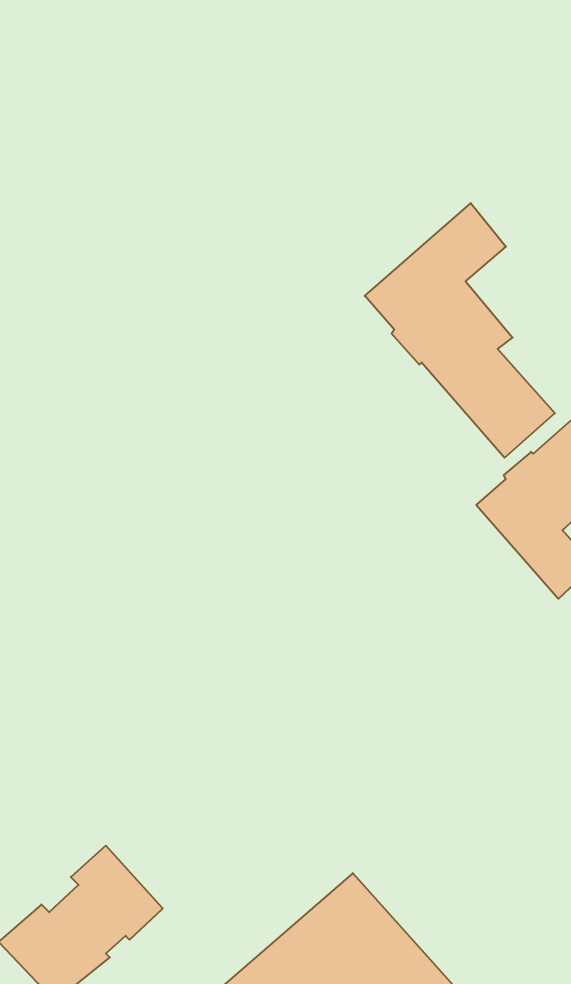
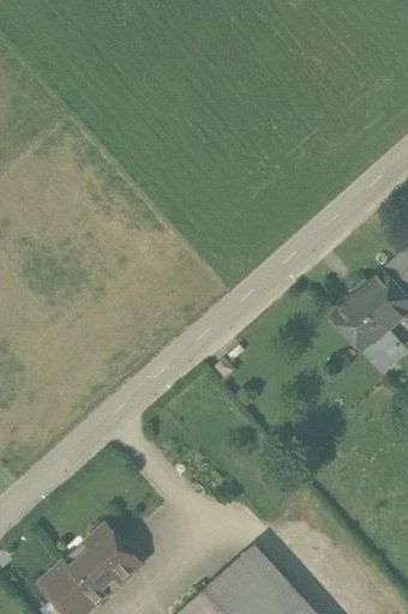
building: [365,203,555,458] -> none

